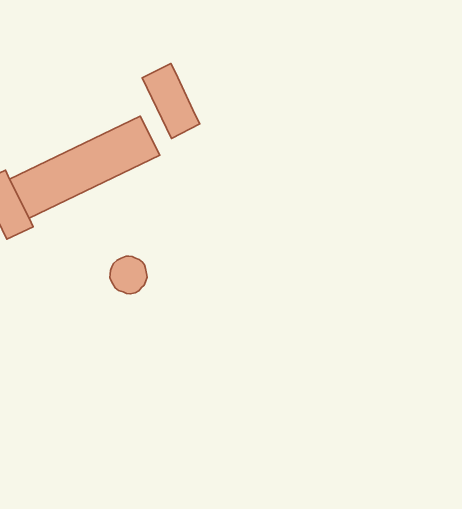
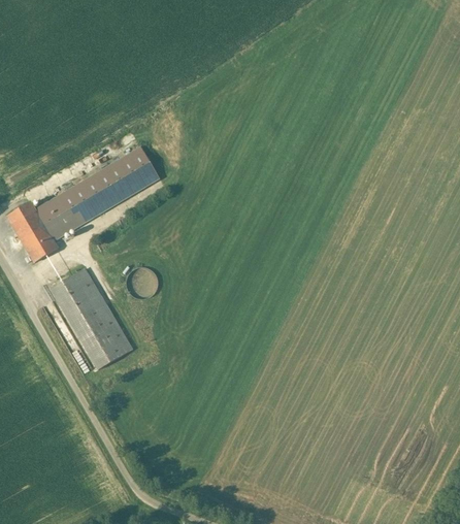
building: [142,63,200,138] -> none
building: none -> [50,268,131,368]

